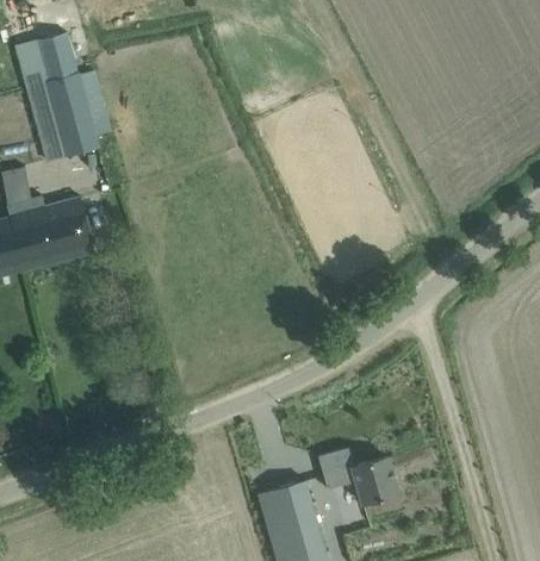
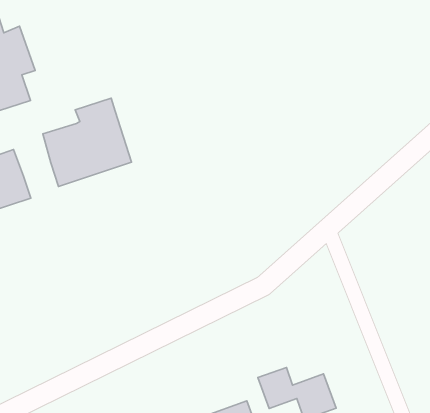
building: none -> [43,98,131,186]

